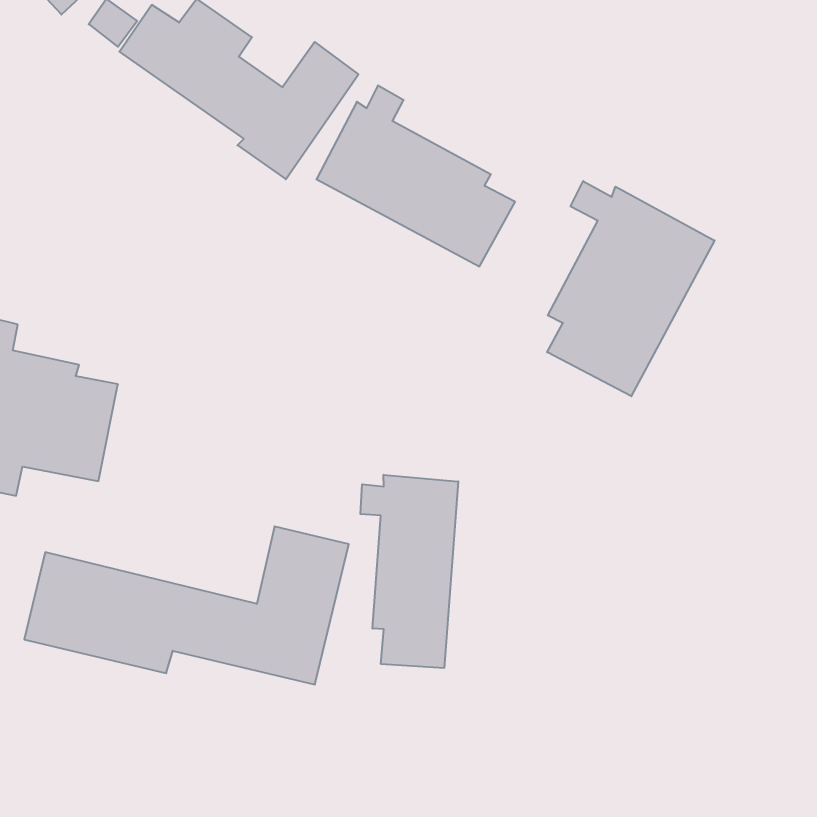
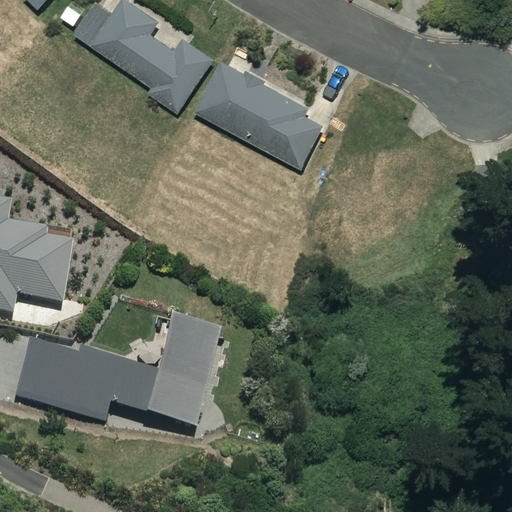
building: [547,181,715,396] -> none
building: [360,475,458,668] -> none

